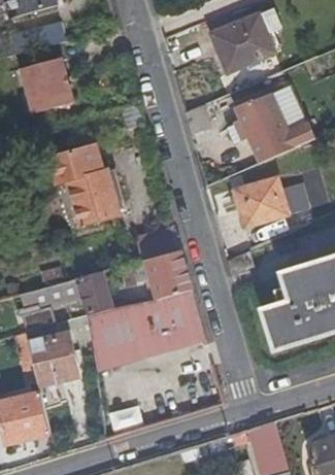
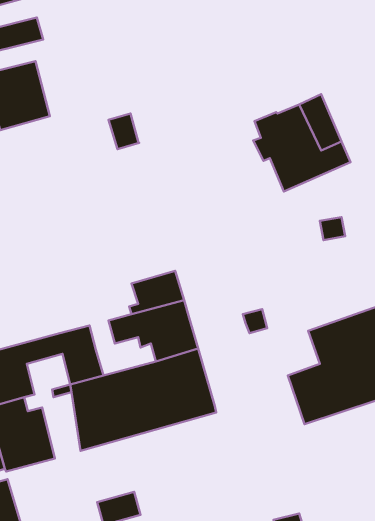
building: [211,13,273,71] -> none
building: [47,145,127,226] -> none
building: [233,174,291,227] -> none

